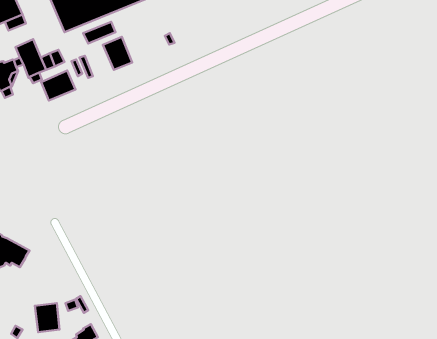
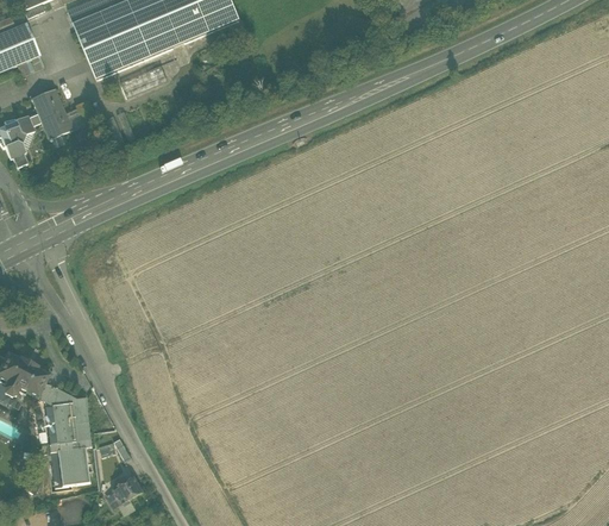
building: [103,37,132,70] -> none
building: [41,70,75,101] -> none
building: none -> [36,384,90,450]

